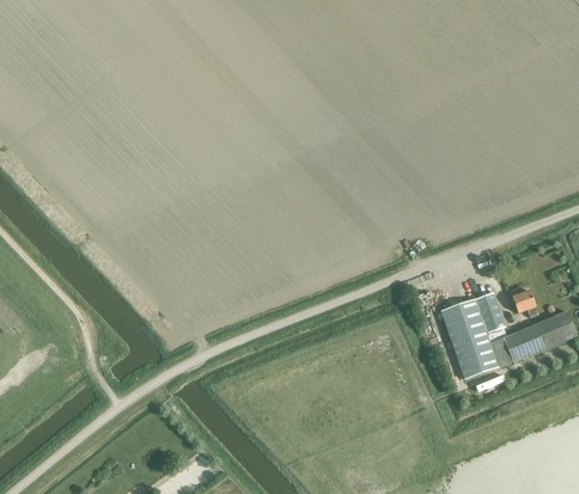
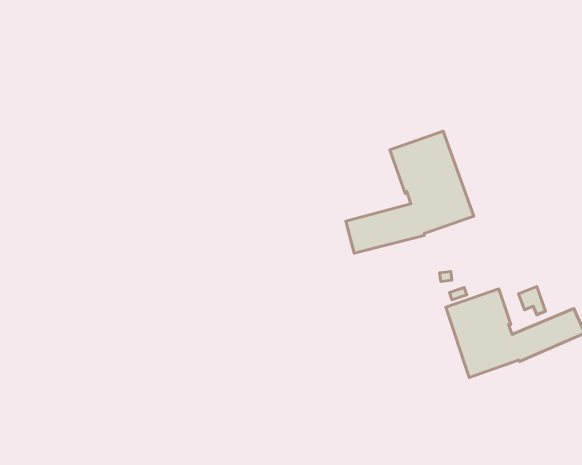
building: none -> [346,131,474,253]

